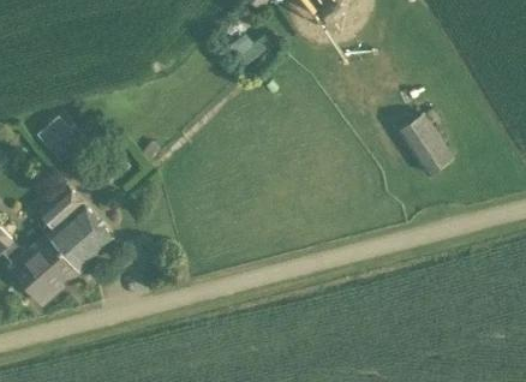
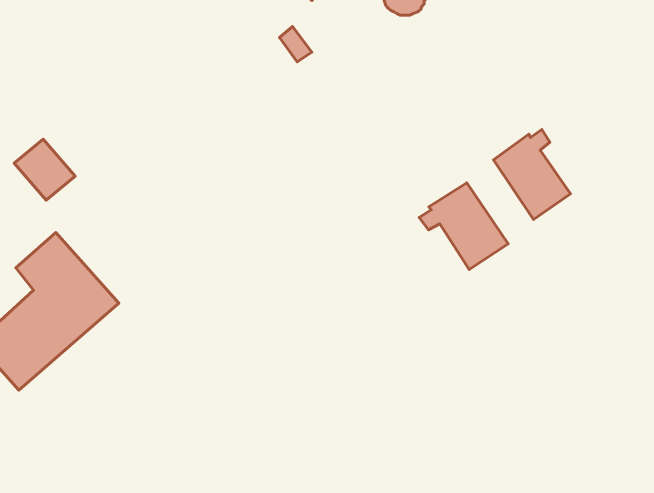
building: none -> [419,183,508,269]

